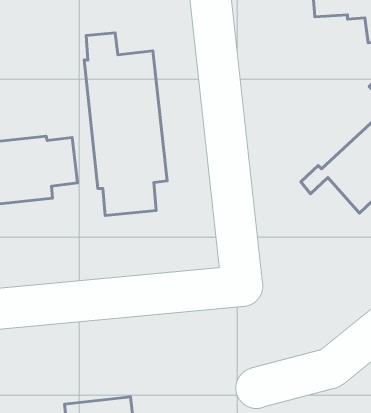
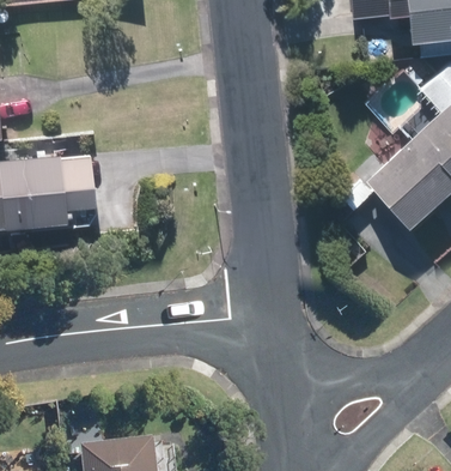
building: [84,33,167,215] -> none

